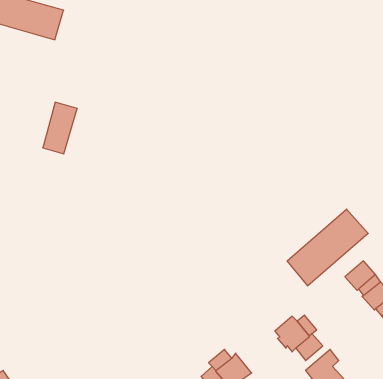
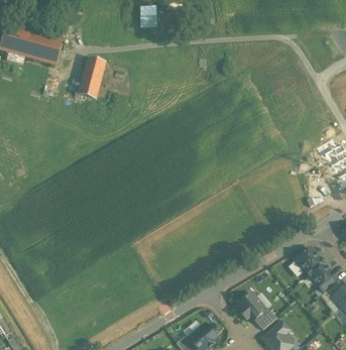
building: [43,102,77,154] -> [78,56,106,99]
building: [287,209,368,286] -> none

